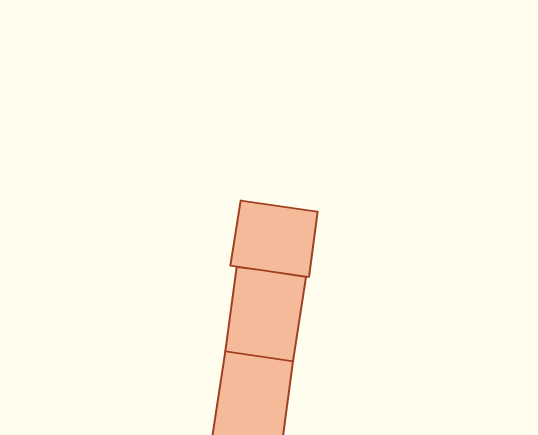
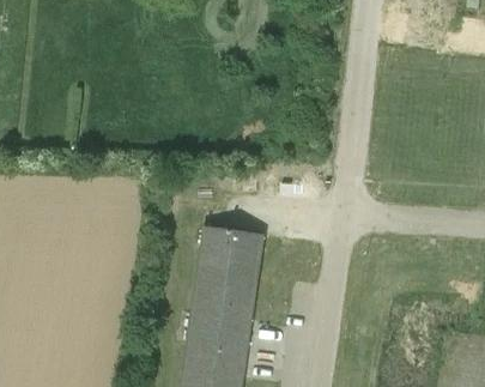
building: [230,200,318,277] -> none

